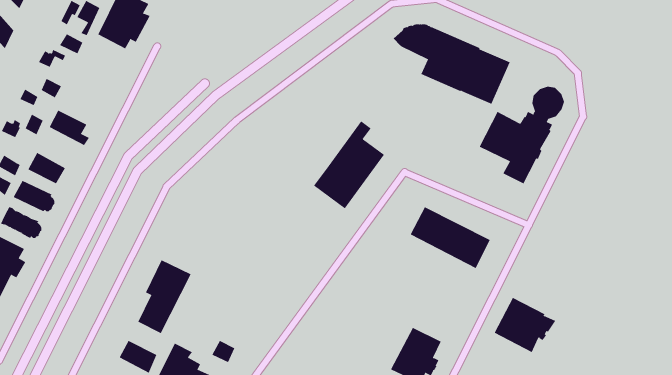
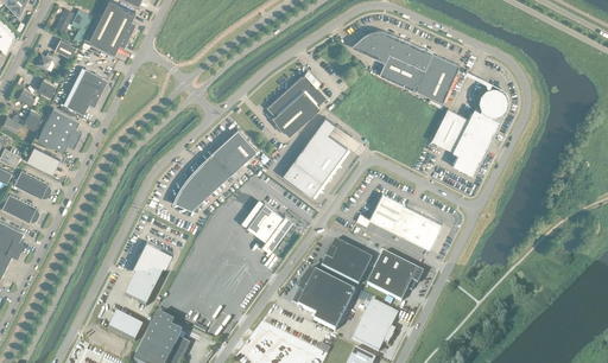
building: none -> [65,66,107,113]
building: none -> [266,71,325,134]
building: none -> [37,121,76,149]
building: none -> [173,127,255,209]
building: none -> [246,202,296,250]
building: none -> [321,240,370,285]
building: none -> [291,268,354,331]
building: [494,297,556,353] -> [366,251,422,301]

